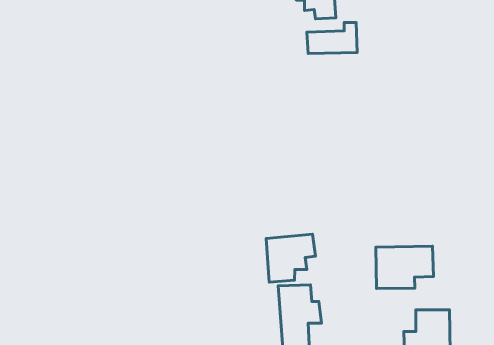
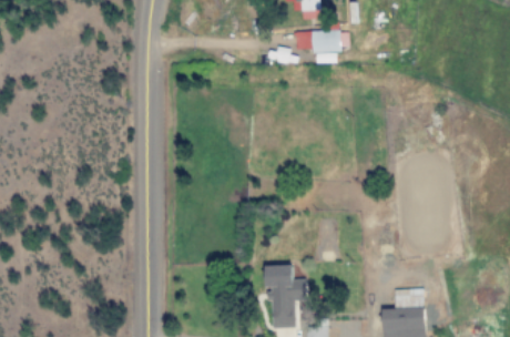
building: [266,234,316,282] -> none
building: [376,246,434,288] -> none

